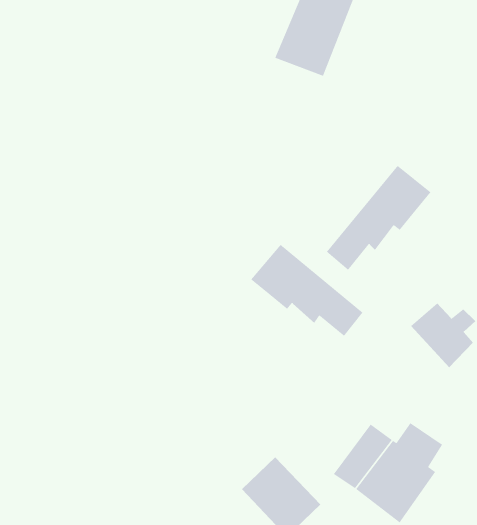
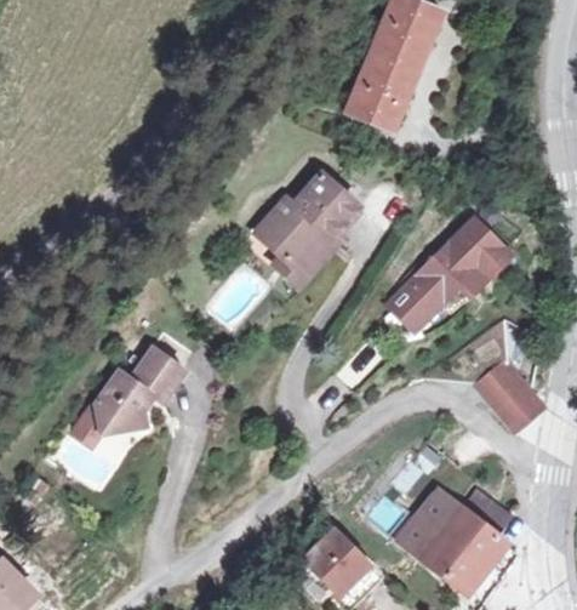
building: none -> [255,171,358,267]
building: [250,244,364,337] -> none
building: none -> [85,357,178,441]

